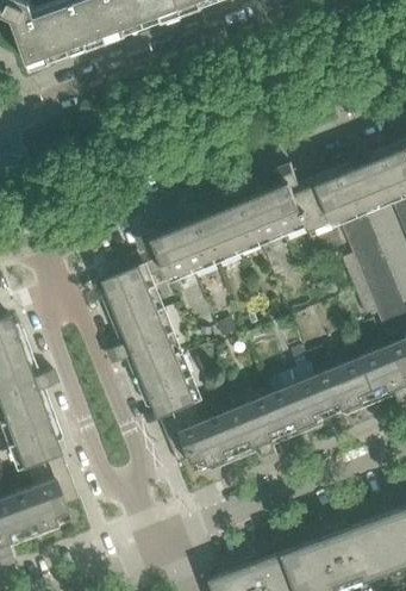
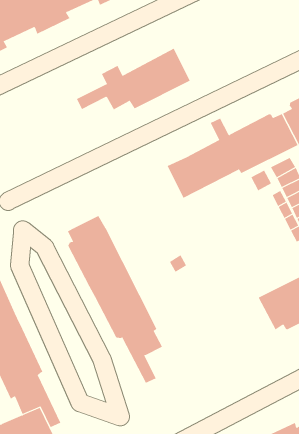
building: [106,213,239,280] -> [76,48,190,110]
building: [180,374,332,469] -> none

